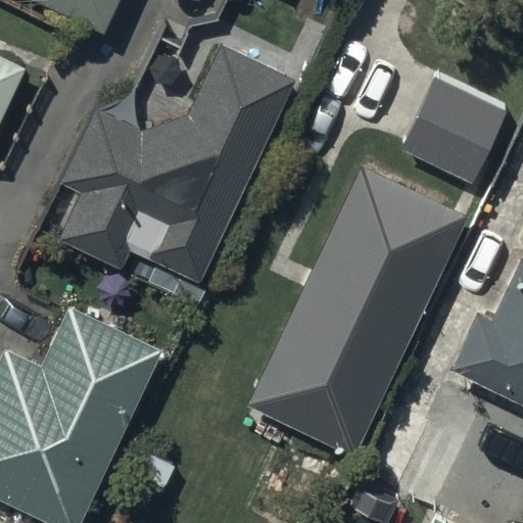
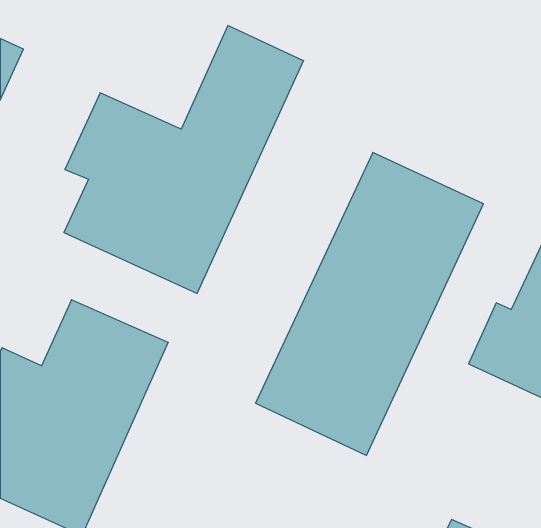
building: [403,74,508,183] -> none

